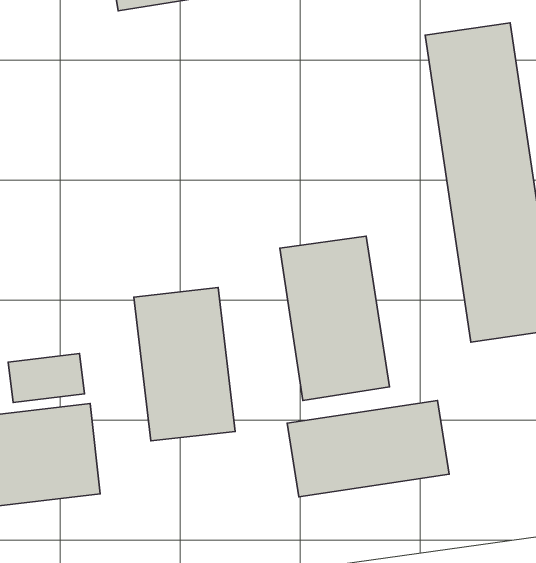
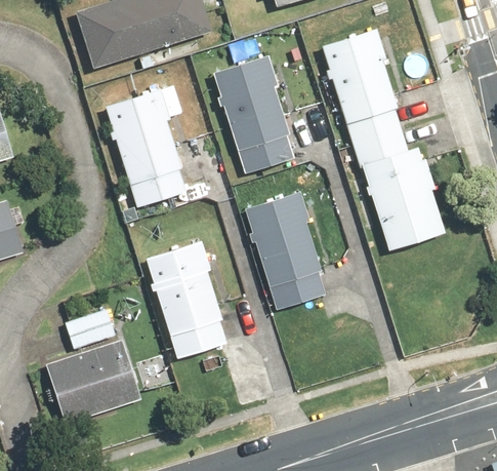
building: none -> [211,52,300,173]
building: none -> [102,82,192,208]
building: [287,400,449,497] -> none

